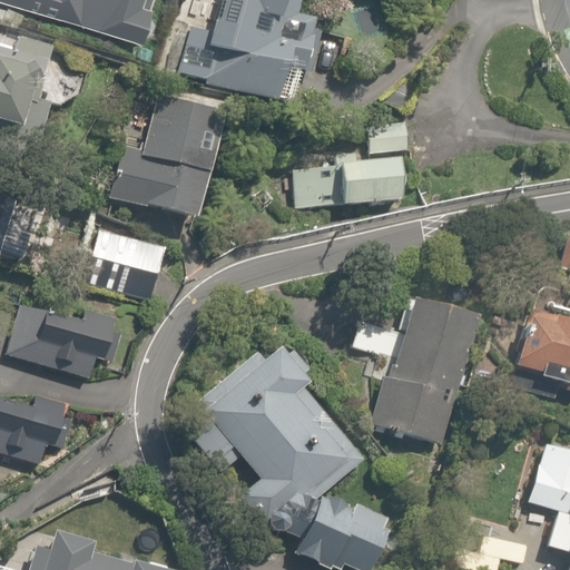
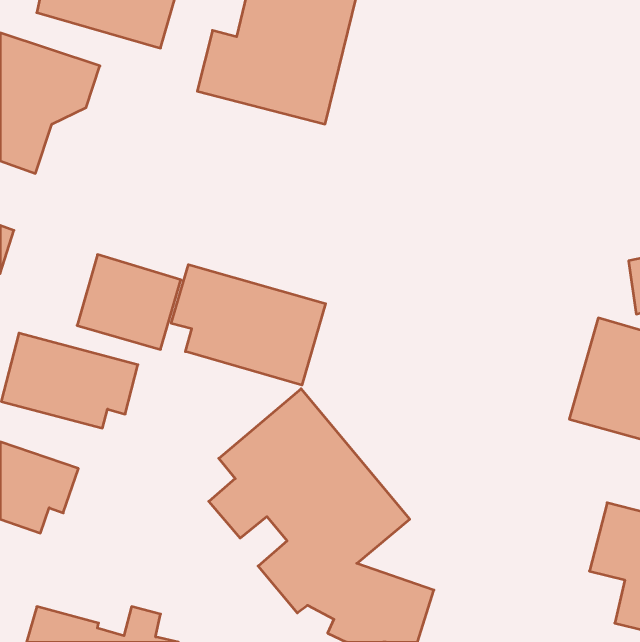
building: [108,90,229,225] -> none
building: [295,157,406,206] -> none
building: none -> [171,265,326,385]
building: [377,298,476,445] -> none

